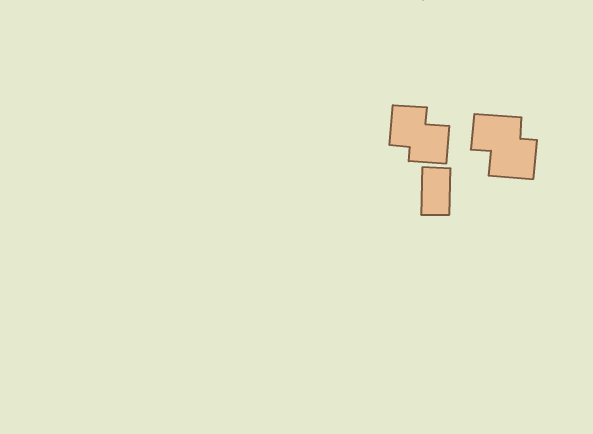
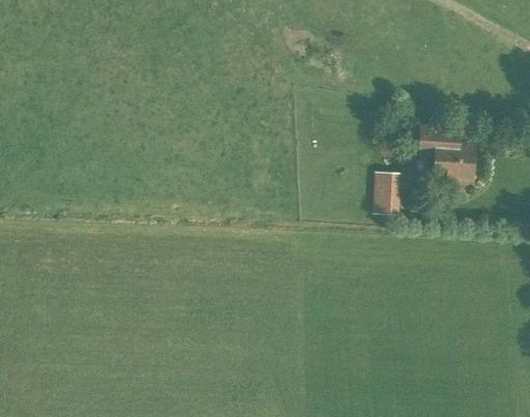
building: [390,105,449,164] -> none

